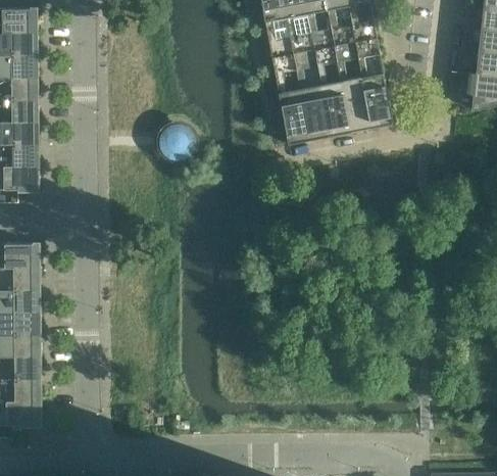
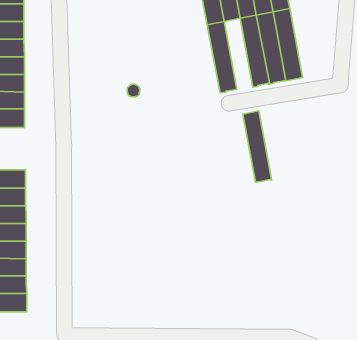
building: [293,51,330,142] -> [243,111,272,182]

